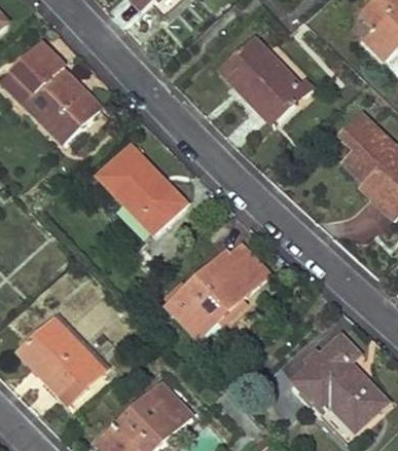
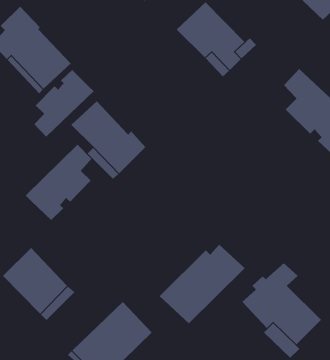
building: none -> [34,69,94,137]
building: none -> [25,144,92,221]
building: [172,245,270,336] -> [159,244,245,324]

